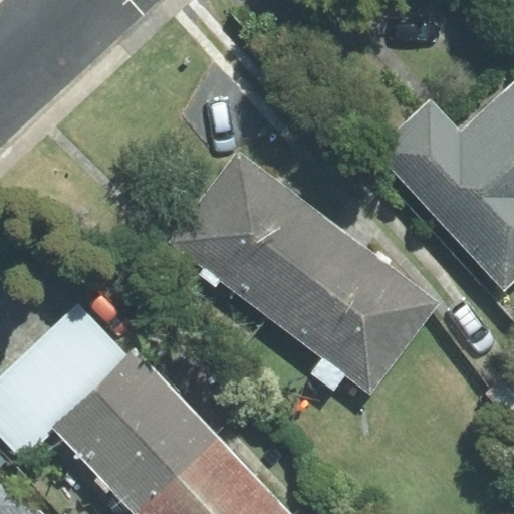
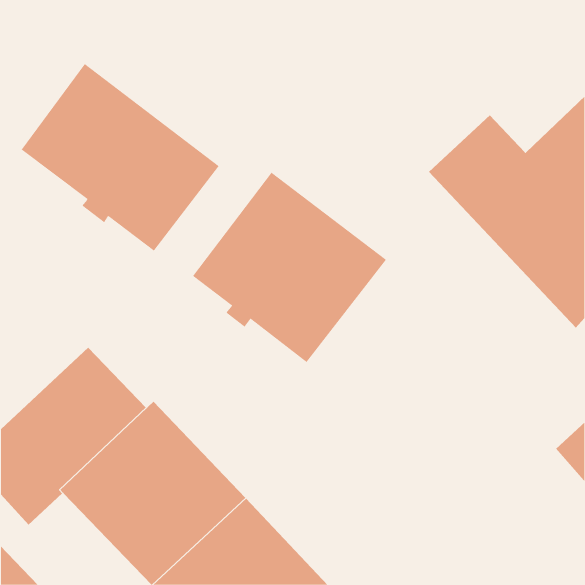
building: none -> [21,63,220,252]
building: [269,228,439,393] -> none

